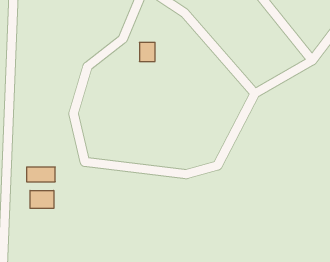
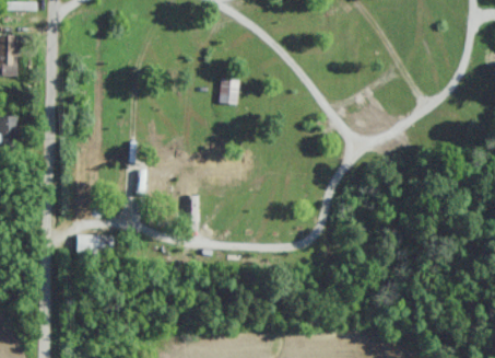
building: [30,190,54,208] -> none

